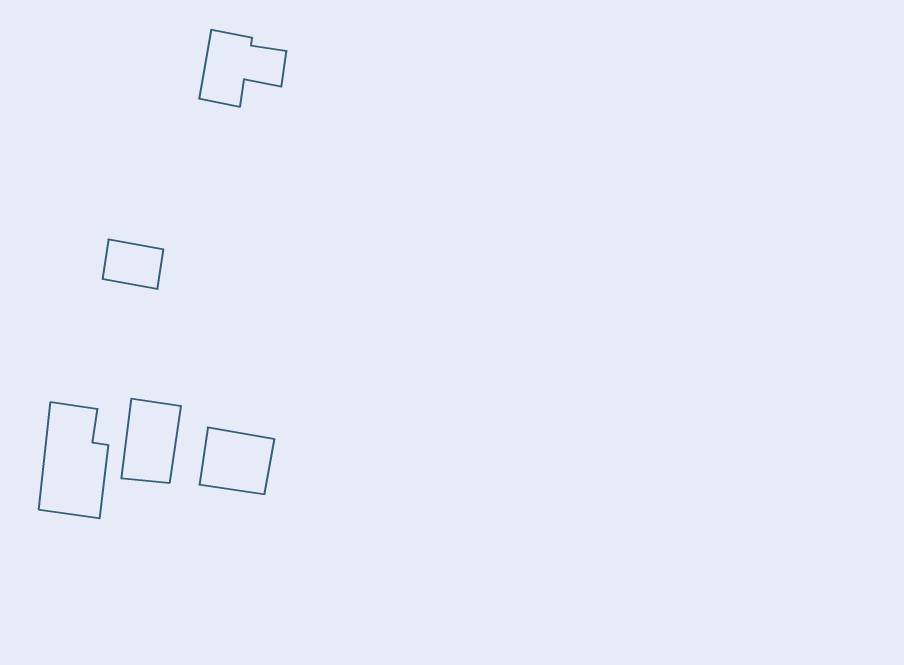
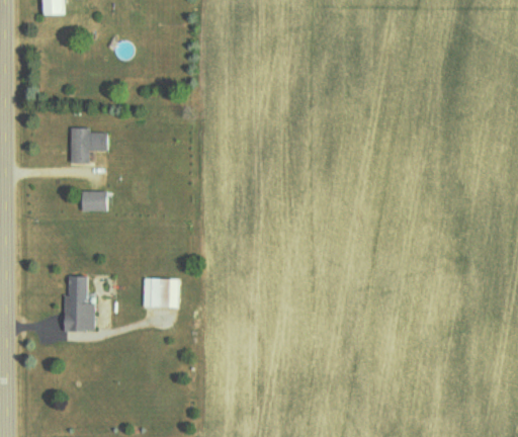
building: [199,30,287,107] -> [68,127,108,164]
building: [121,399,181,483] -> none

